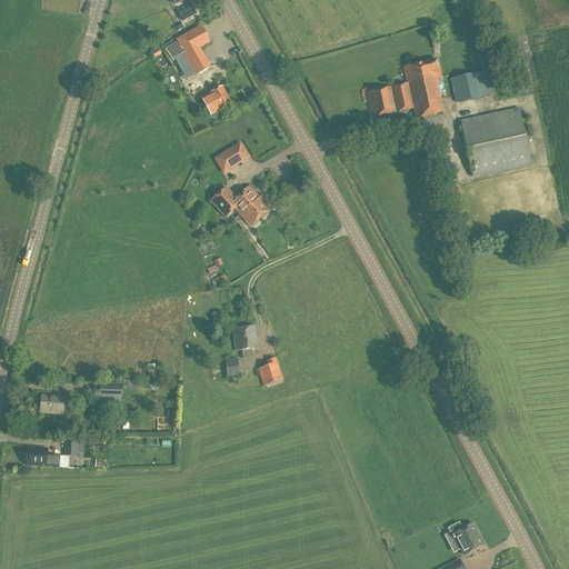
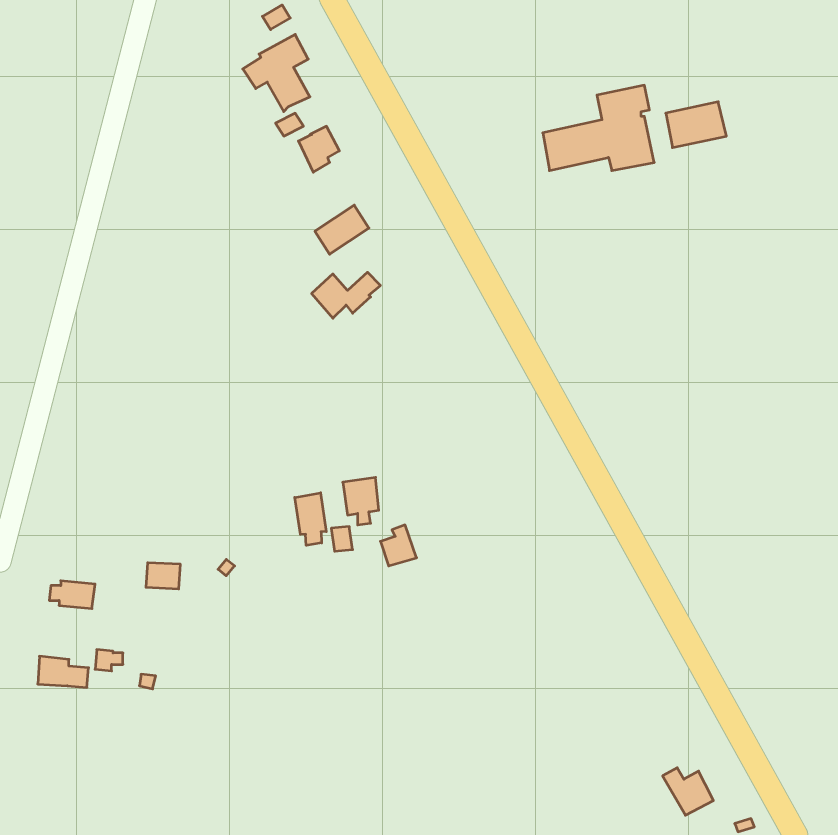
building: [460,107,531,174] -> none
building: [239,193,272,224] -> none
building: none -> [295,493,326,545]

